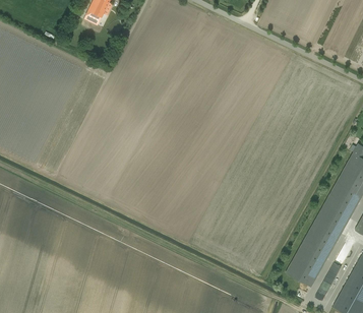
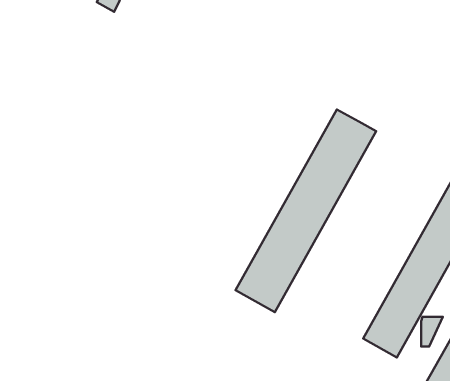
building: none -> [235,109,376,312]

